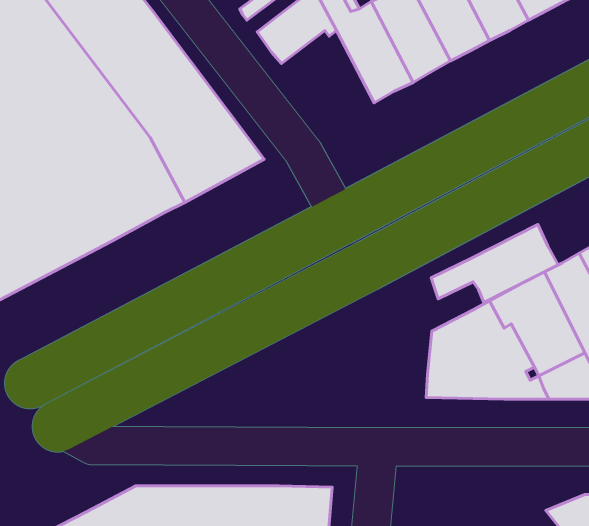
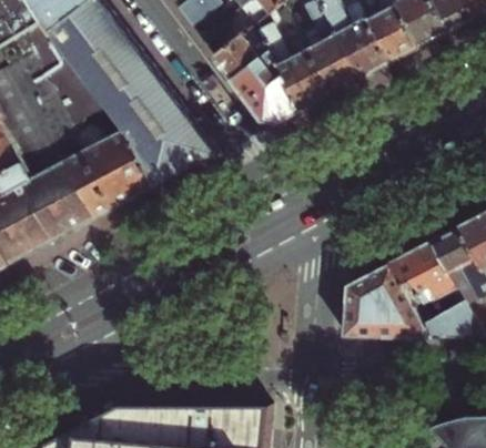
building: none -> [229,57,300,126]
building: [431,224,558,302] -> none

